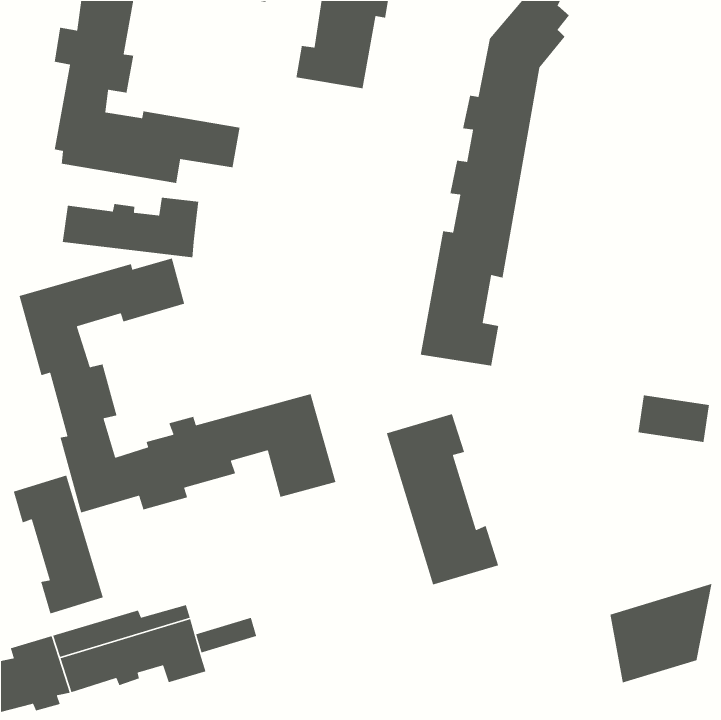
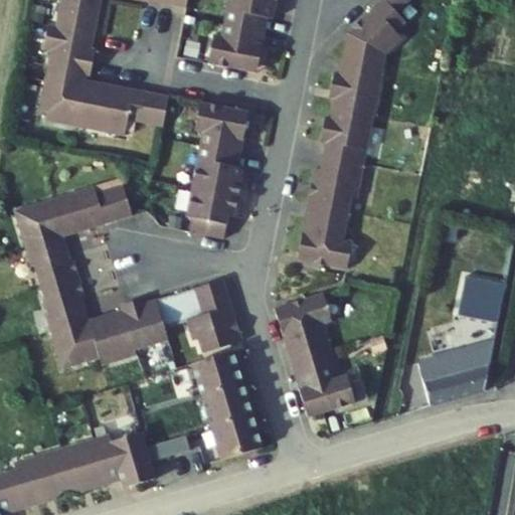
building: none -> [187,101,251,229]
building: [62,197,199,258] -> none
building: [13,475,104,615] -> none
building: none -> [189,356,259,465]
building: [609,583,713,683] -> [424,336,498,407]

